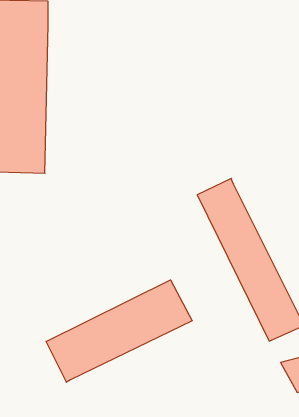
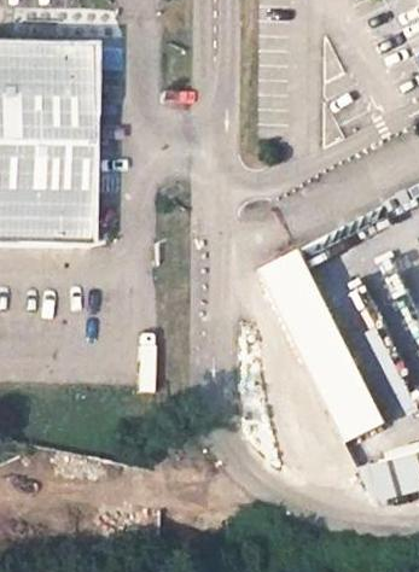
building: [46,280,192,382] -> none

